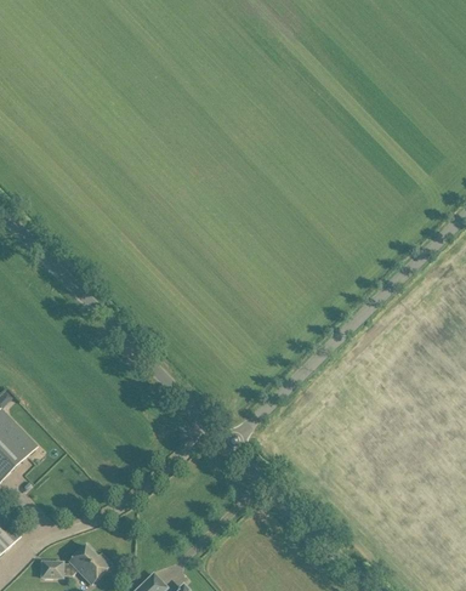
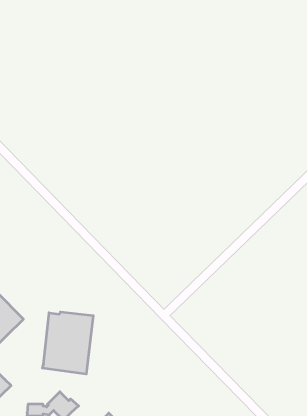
building: none -> [42,312,93,374]

